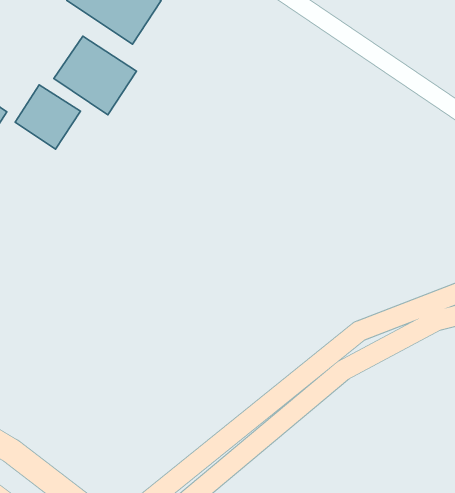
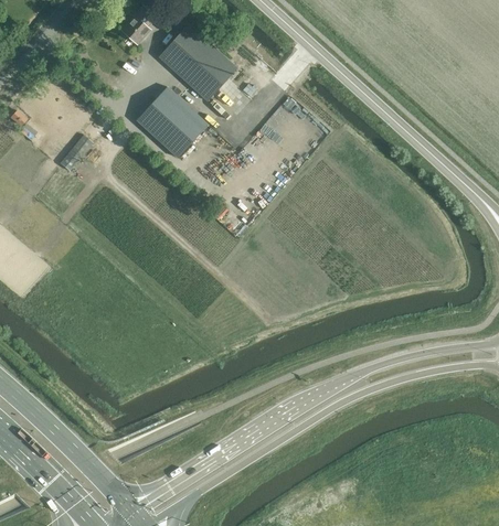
building: [15,85,81,149] -> none

